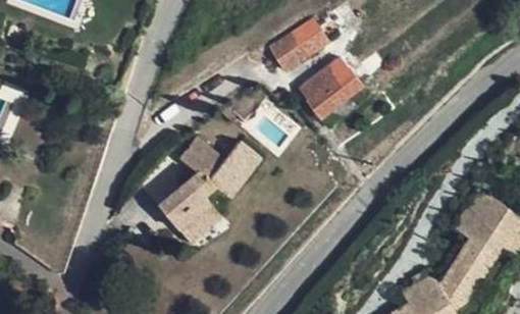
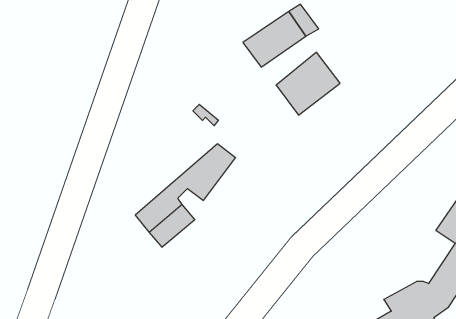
building: [157,136,243,212] -> none

